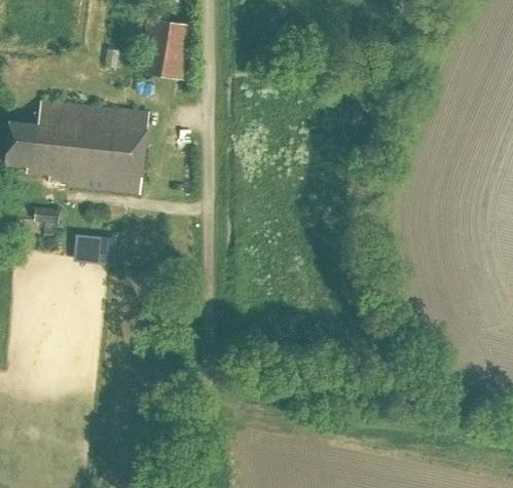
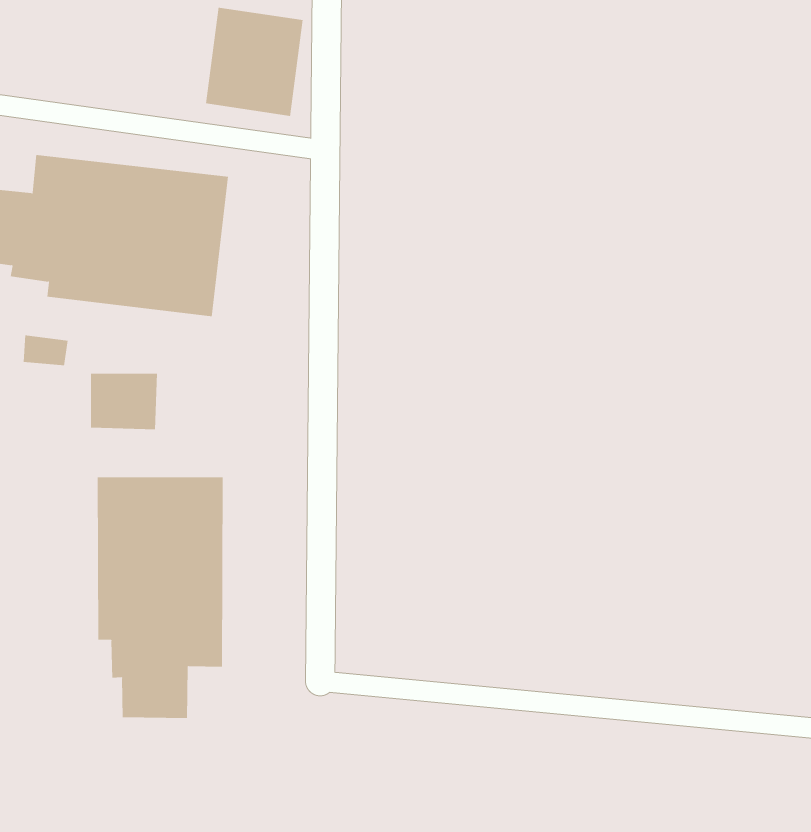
building: none -> [97,476,223,719]

